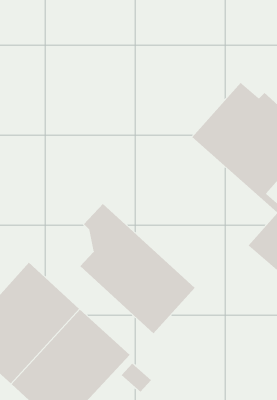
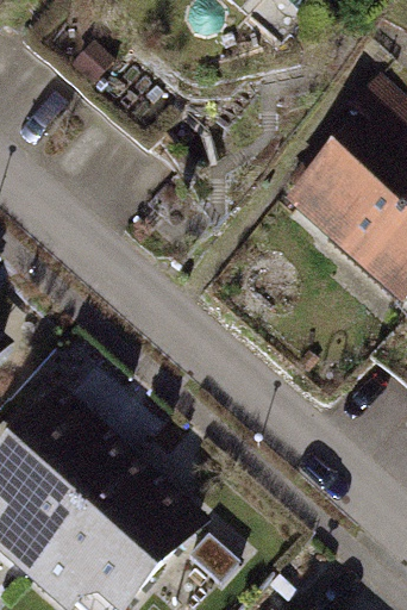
building: [80,203,196,334] -> none

